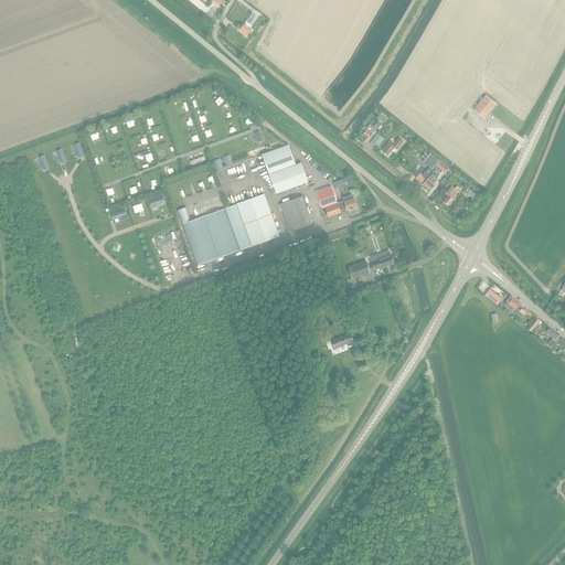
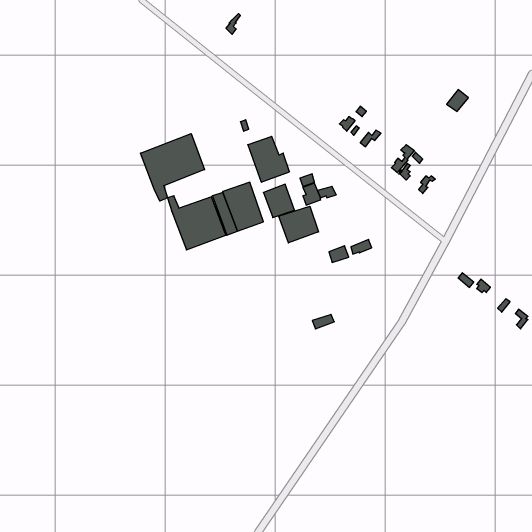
building: none -> [140,134,205,201]
building: none -> [279,206,319,243]

